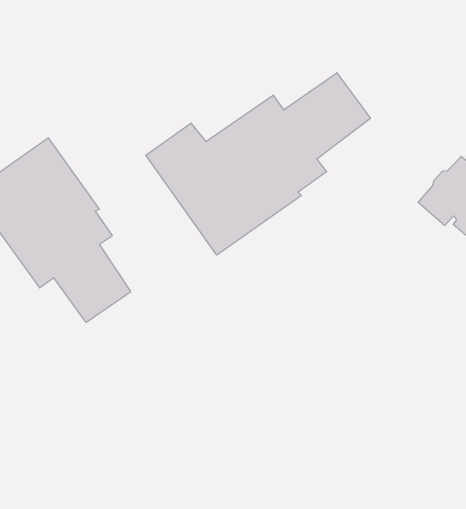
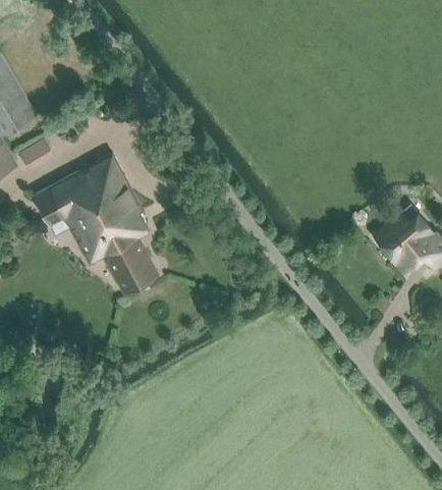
building: [146,73,370,255] -> none

